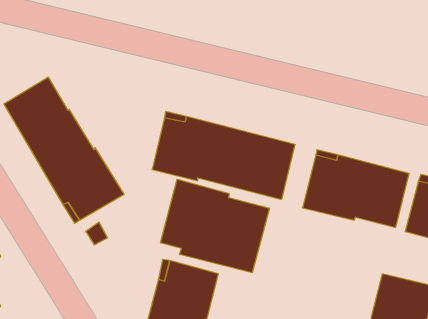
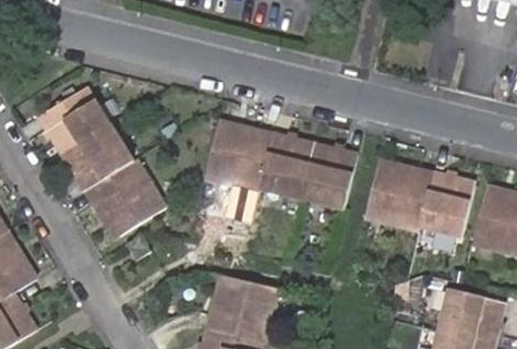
building: [161,179,269,273] -> none

